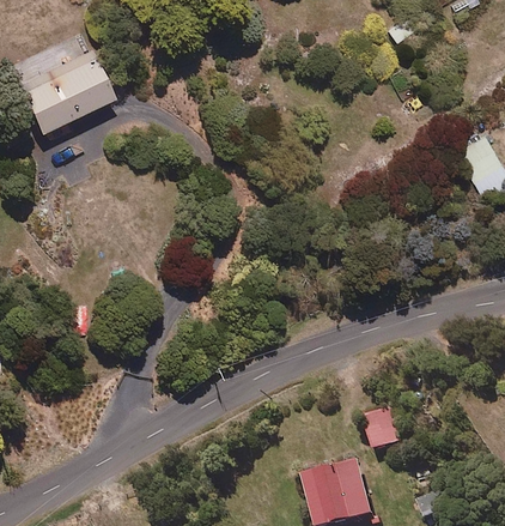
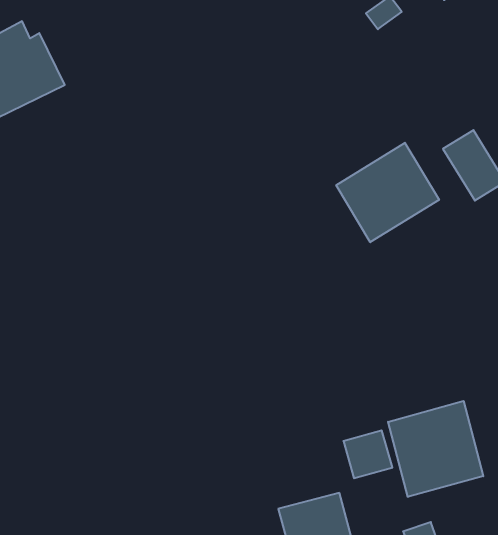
building: none -> [336,143,439,242]
building: none -> [388,401,483,497]

